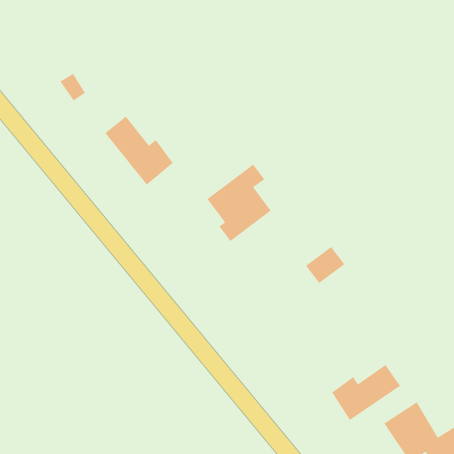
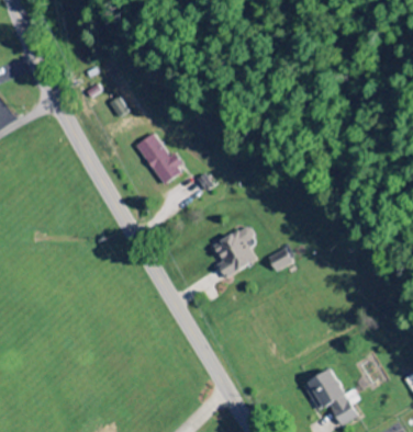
building: [207,164,272,242] -> [211,225,256,277]
building: [331,364,401,421] -> none

